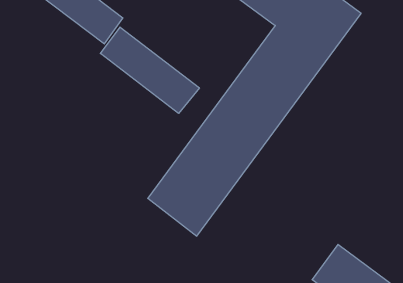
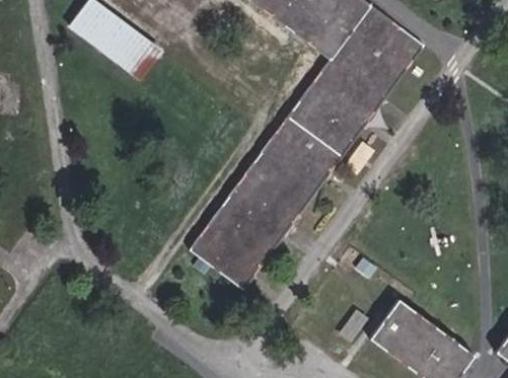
building: [100,27,199,113] -> none

